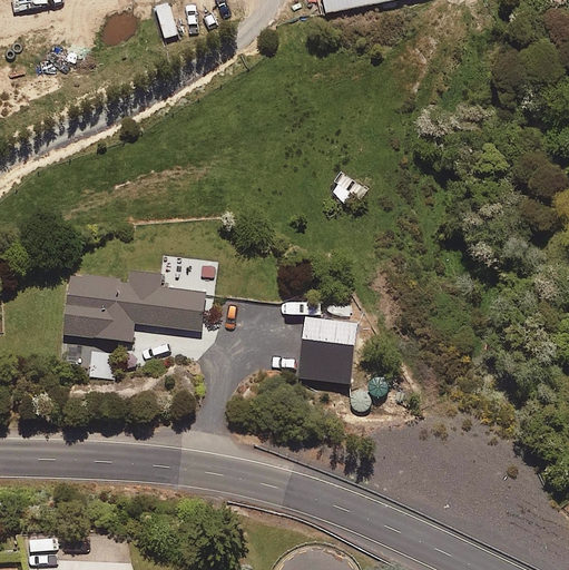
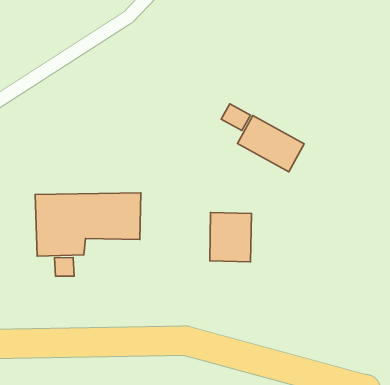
building: none -> [237,115,304,172]

